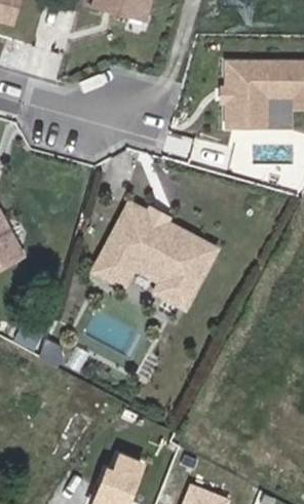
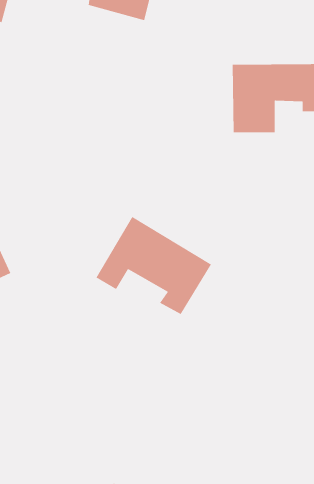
building: [94,197,215,300] -> none

